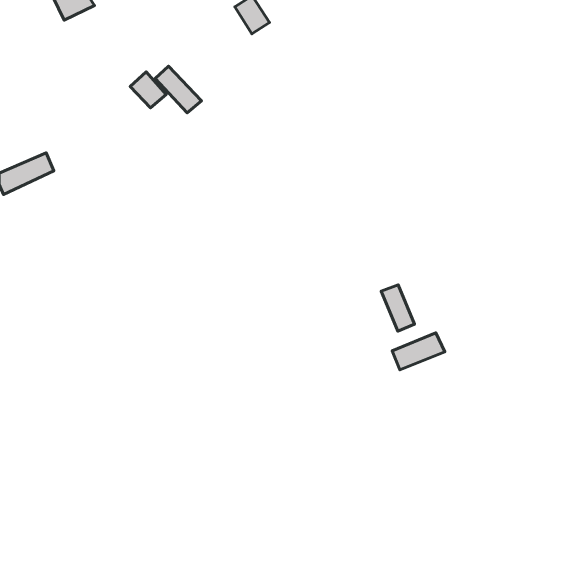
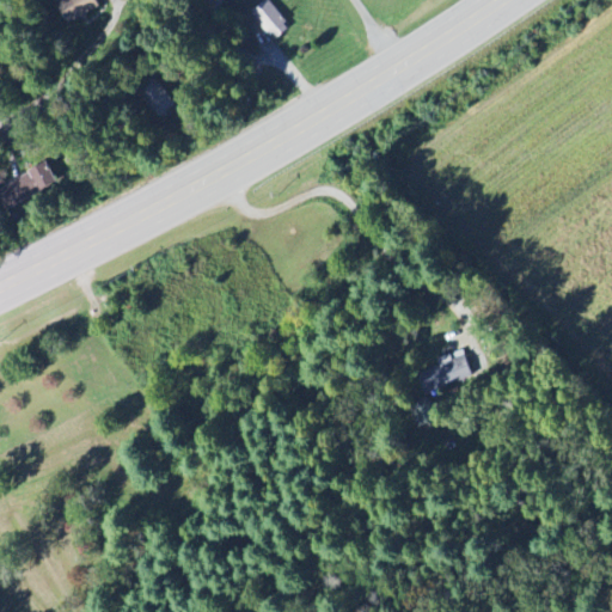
building: [155,66,201,113] -> none
building: [381,285,414,331] -> none

